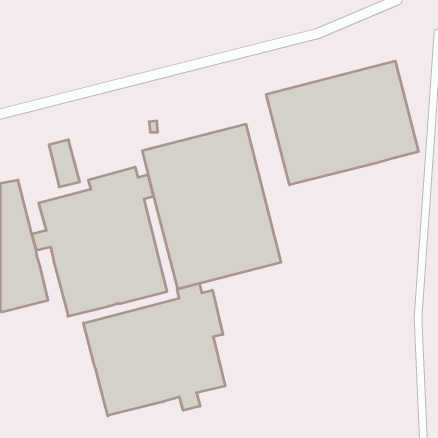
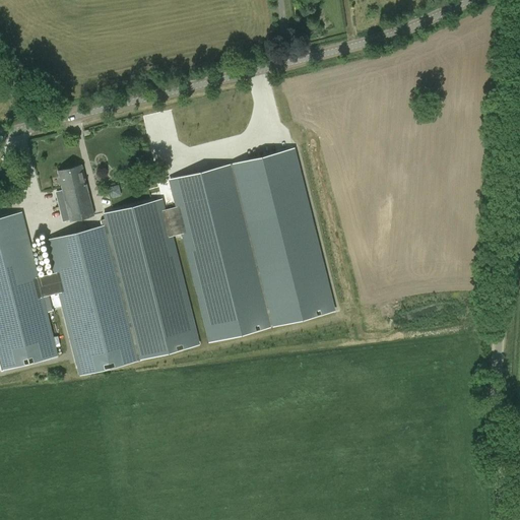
building: [266,61,418,185] -> none
building: [83,283,225,416] -> none

